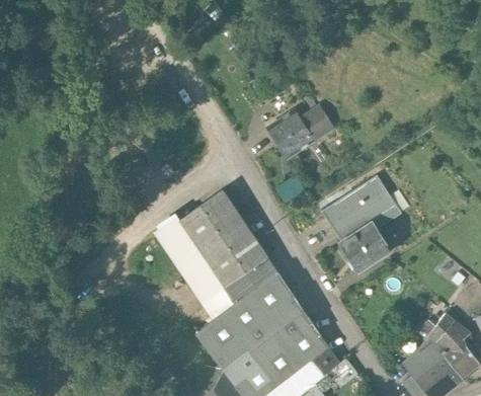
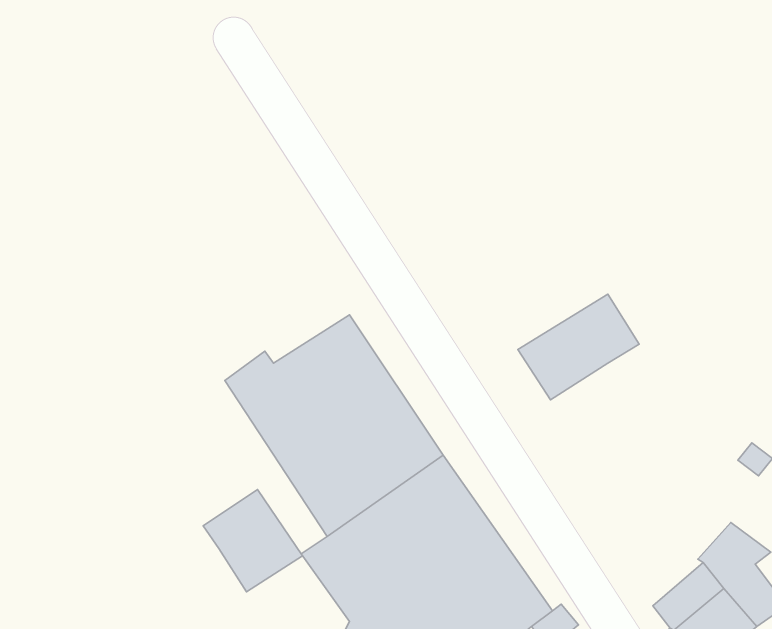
building: [268,105,335,160] -> none
building: [334,221,392,275] -> none
building: none -> [203,489,302,592]

